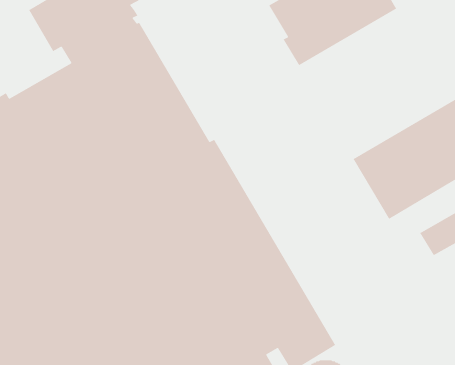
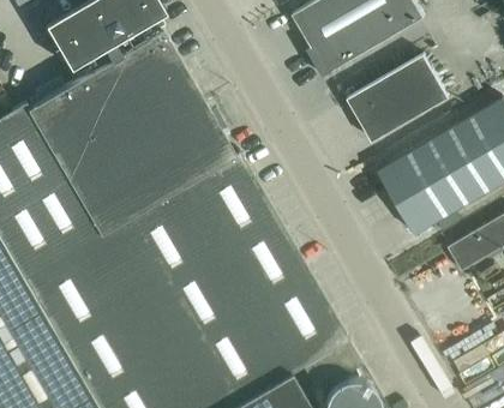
building: none -> [347,54,449,143]

